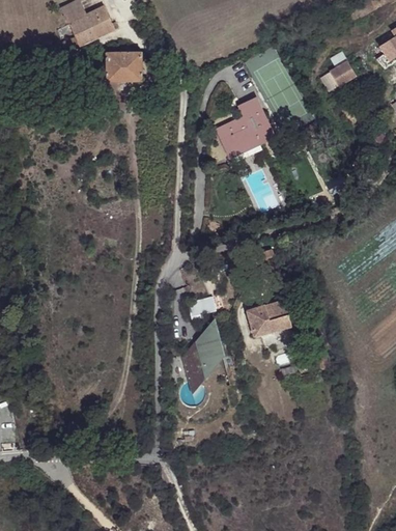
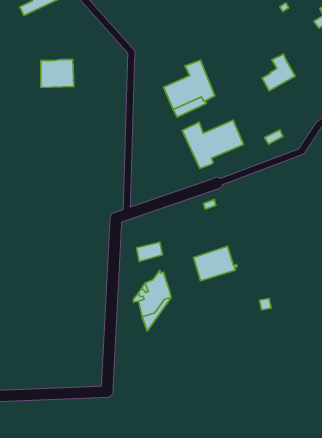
building: [107,51,142,81] -> [41,59,74,88]
building: [320,51,356,90] -> [262,54,295,91]
building: none -> [182,120,244,168]

